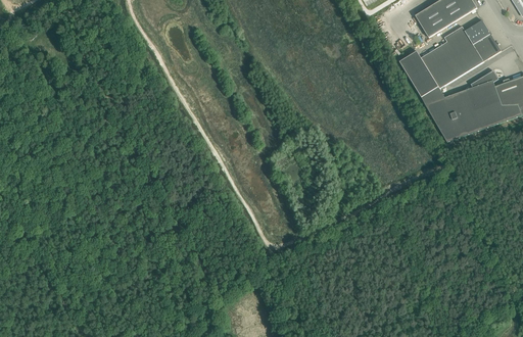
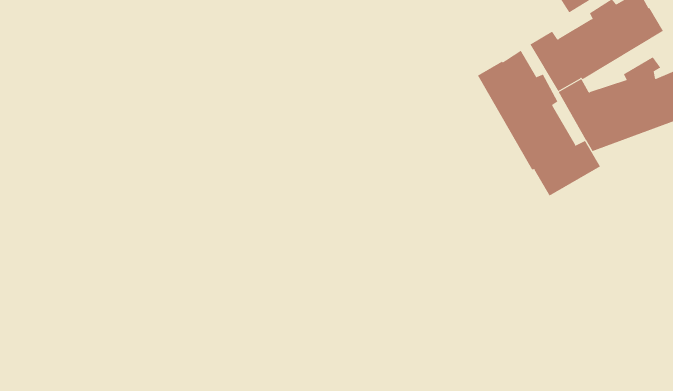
building: none -> [477,50,601,196]

